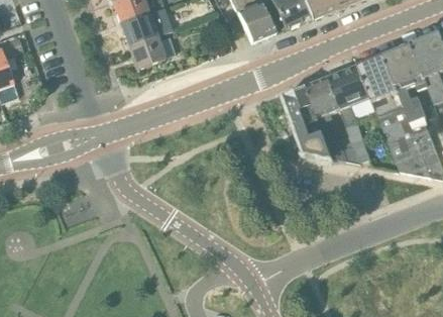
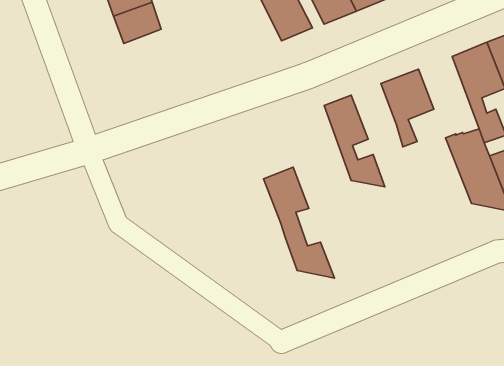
building: [128,32,165,67] -> none
building: [358,54,406,117] -> none
building: [306,75,361,162] -> [264,167,335,278]

